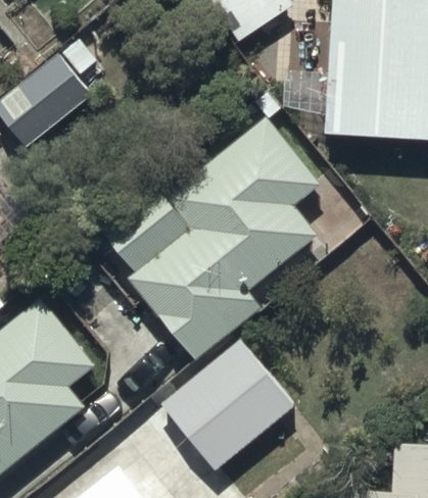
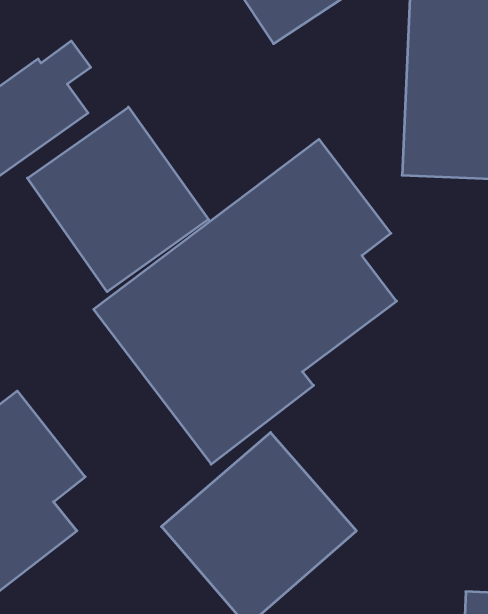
building: none -> [27,107,209,292]

